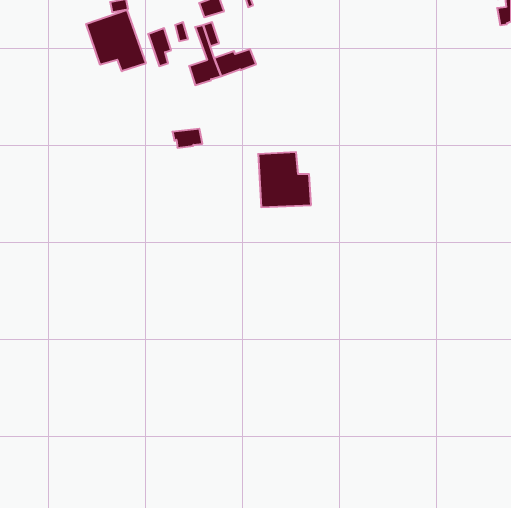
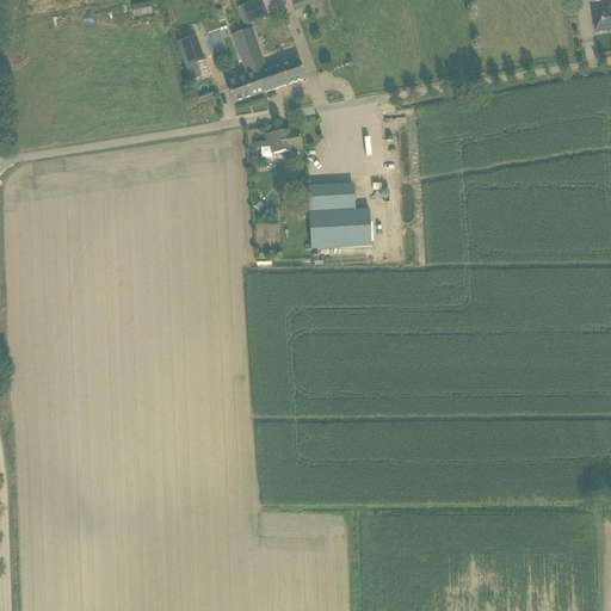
building: [86,10,146,71] -> none
building: [172,129,202,148] -> [266,129,302,152]

